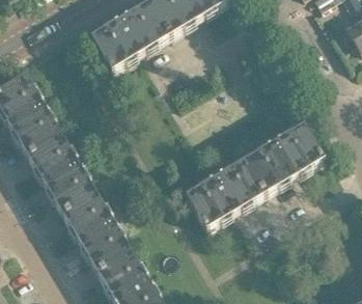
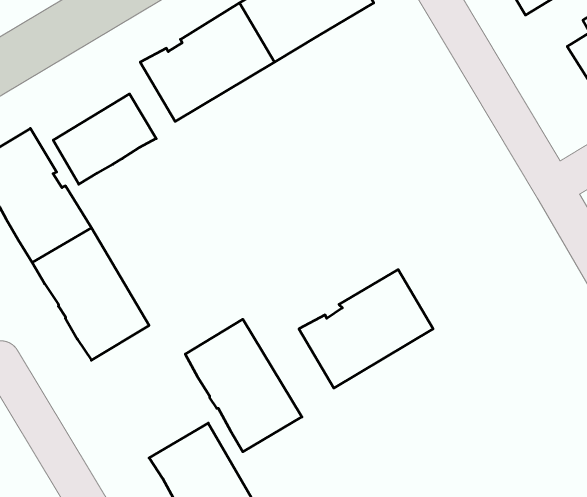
building: none -> [53,94,156,184]
building: [245,126,325,196] -> none
building: [62,194,132,273] -> [185,319,302,452]

